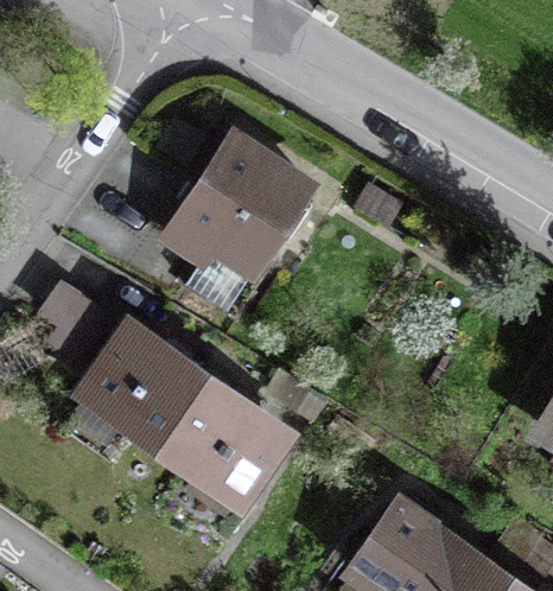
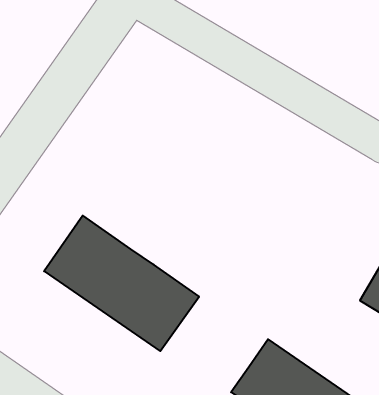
building: [174,148,313,290] -> none

